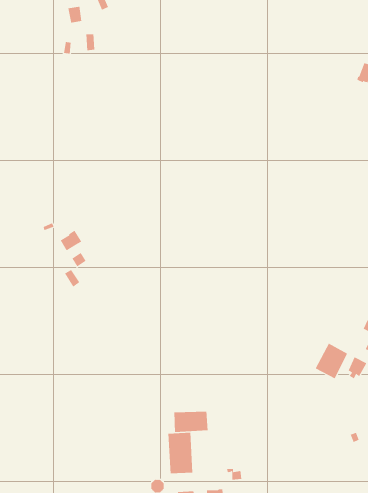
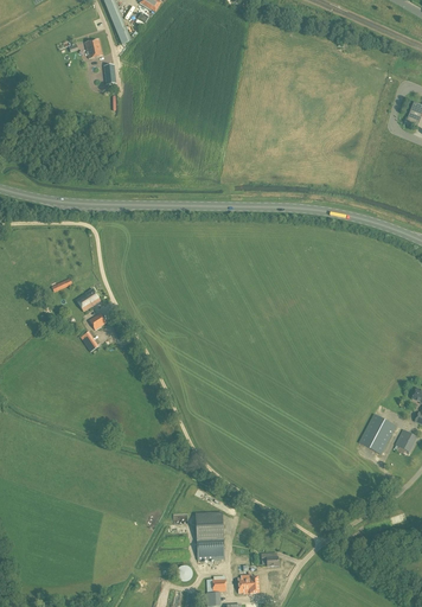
building: [174,411,208,433] -> none

